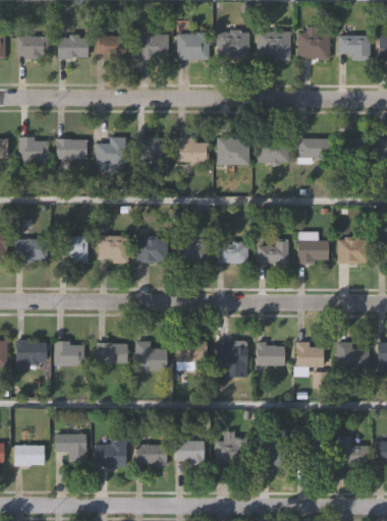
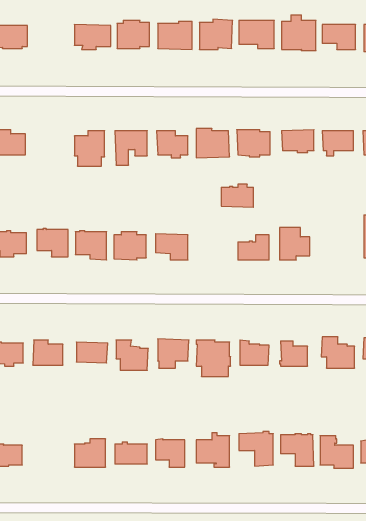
building: [58,33,89,59] -> none
building: [55,139,87,160] -> none
building: [335,238,367,266] -> none
building: [215,242,246,265] -> [221,184,253,207]
building: [55,433,86,465] -> none

